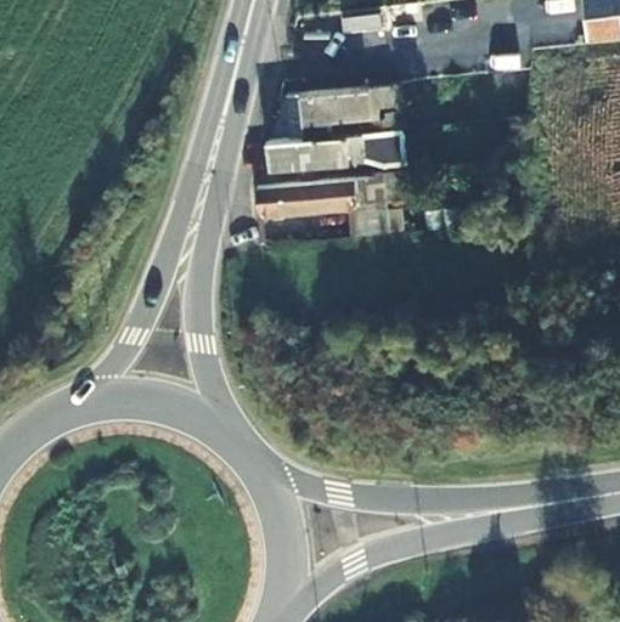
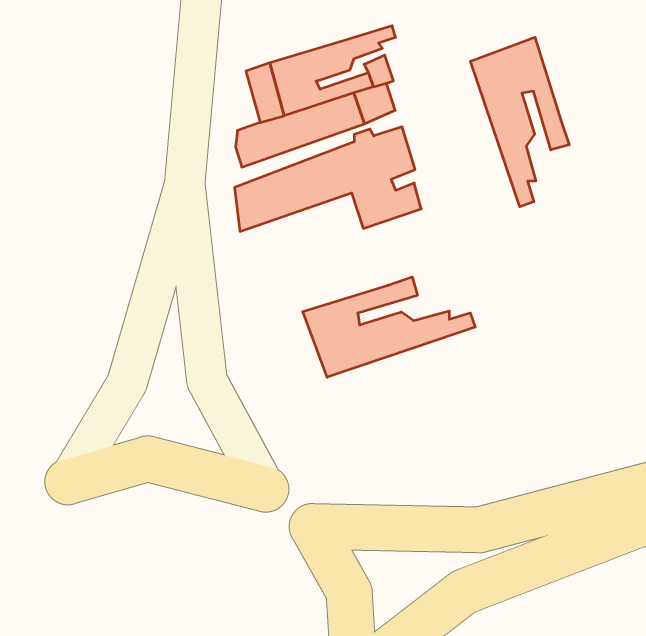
building: none -> [470,37,569,207]
building: none -> [303,277,475,377]

